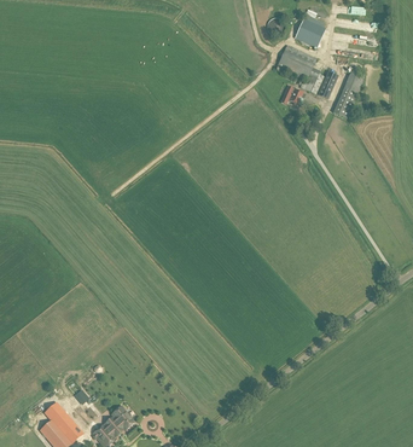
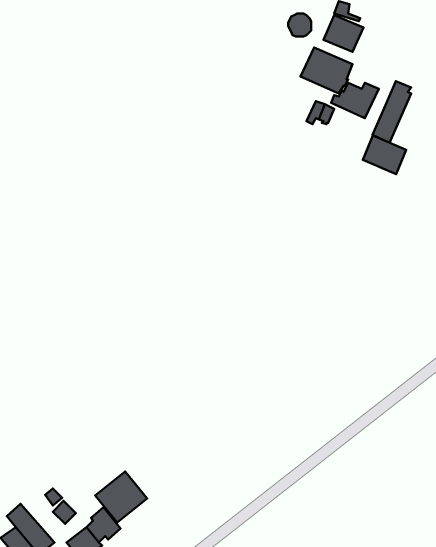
building: none -> [363,136,406,174]
building: none -> [95,472,147,522]

